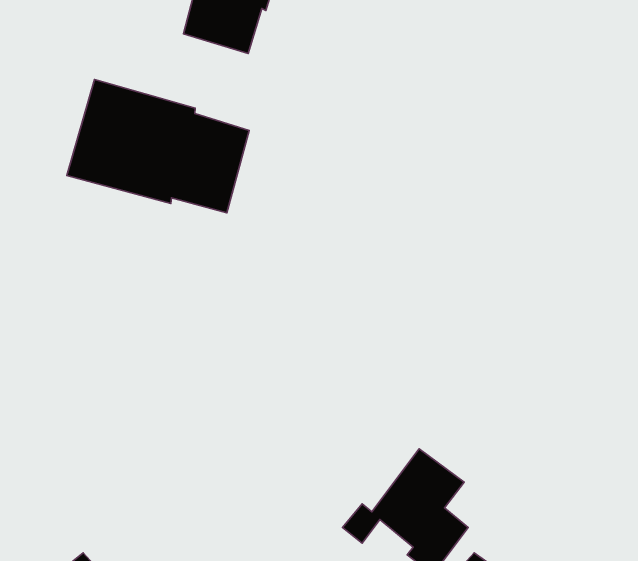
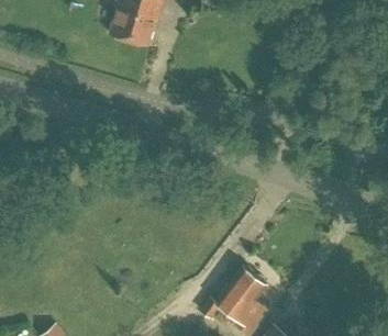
building: [67,79,249,213] -> none

